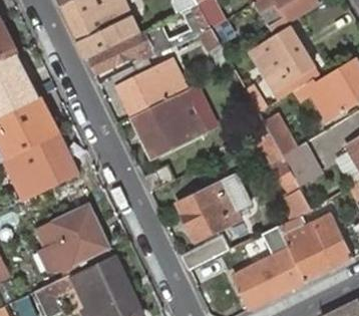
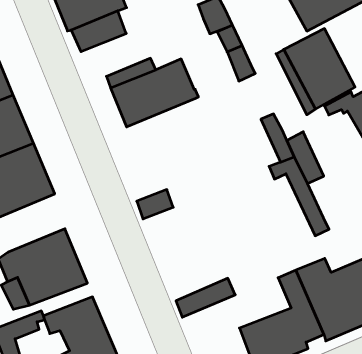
building: [90,25,171,74] -> none
building: [131,90,208,159] -> none
building: [282,142,320,186] -> none
building: [177,175,249,240] -> none

